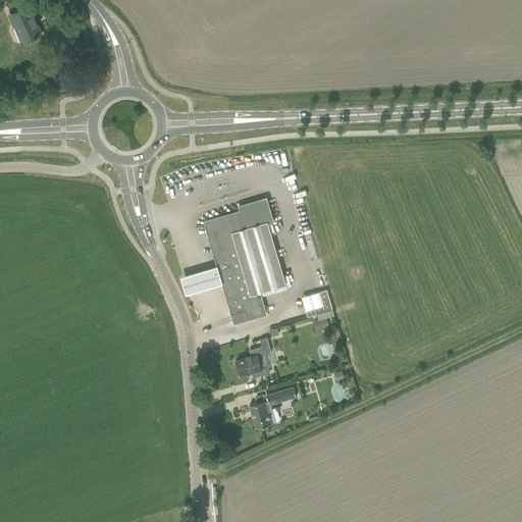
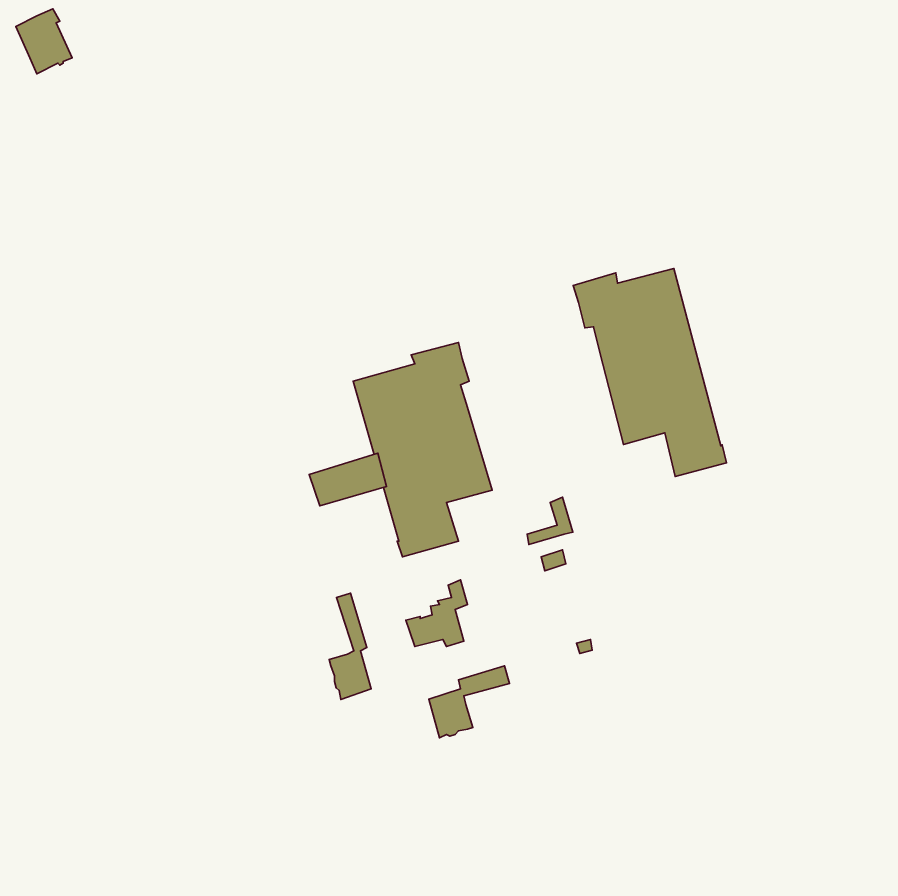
building: none -> [573,268,726,476]
building: none -> [329,593,371,700]

